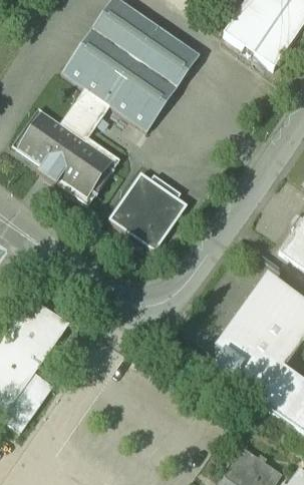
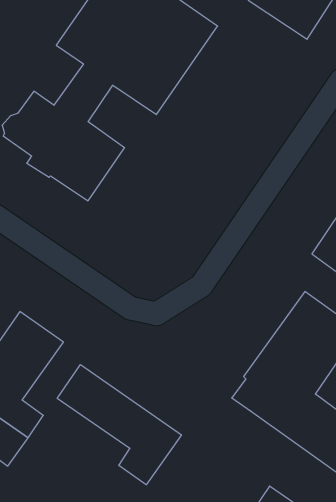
building: [108,171,188,251] -> none
building: none -> [57,365,181,485]

